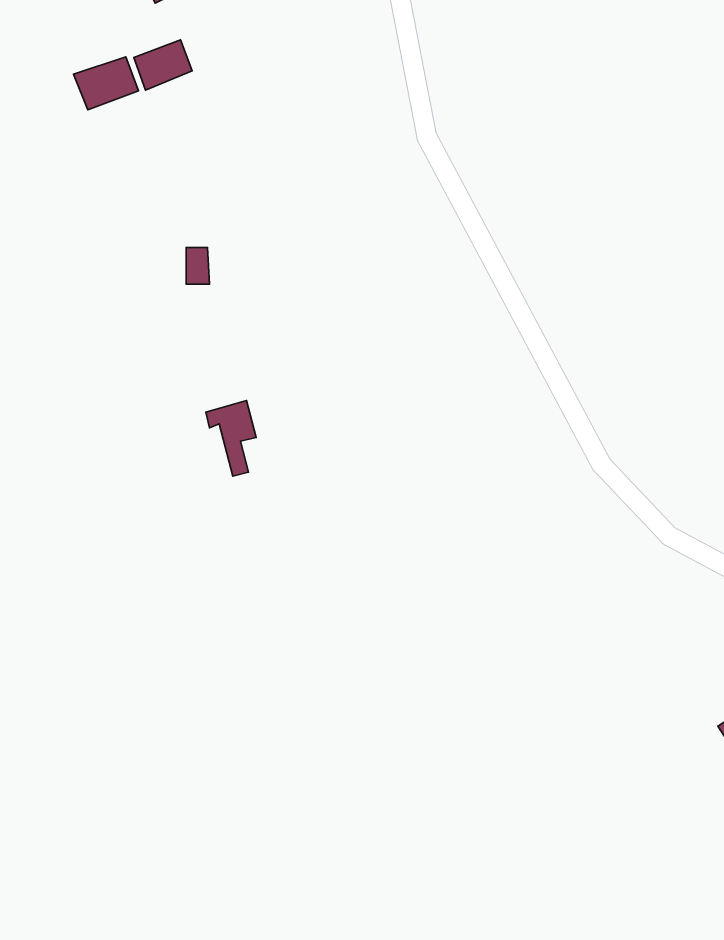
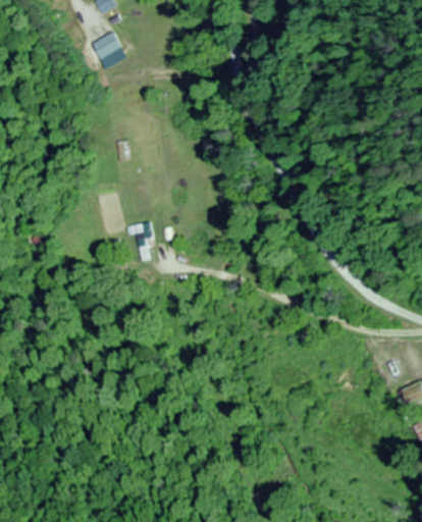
building: [74,57,138,110] -> none

